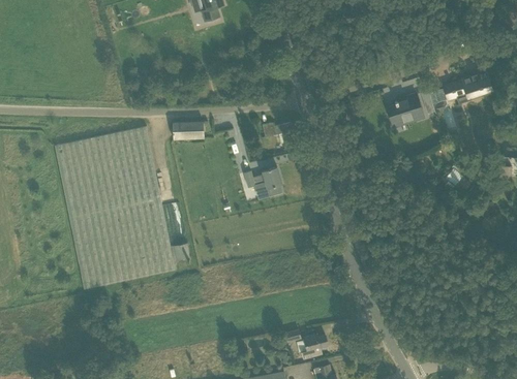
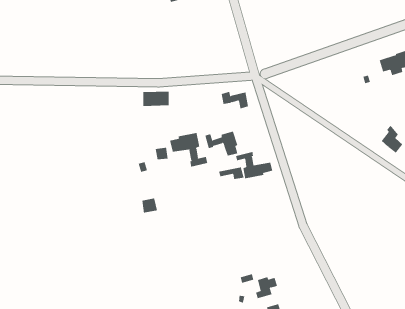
building: [385,94,423,129] -> none
building: none -> [169,132,208,168]
building: none -> [236,151,273,179]

